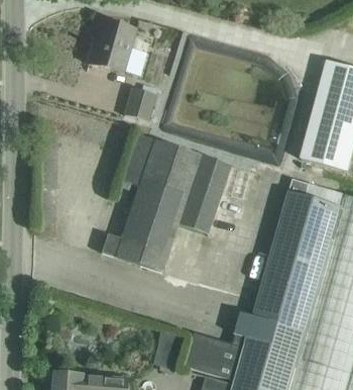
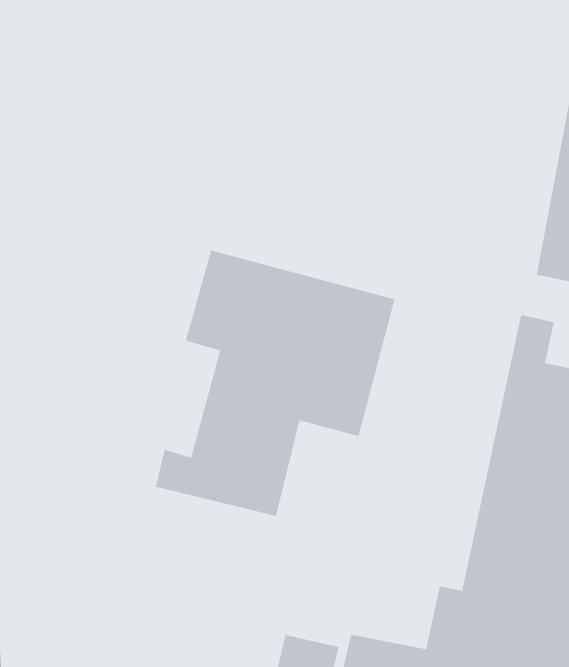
building: [89,20,135,73] -> none
building: [124,88,155,121] -> none

